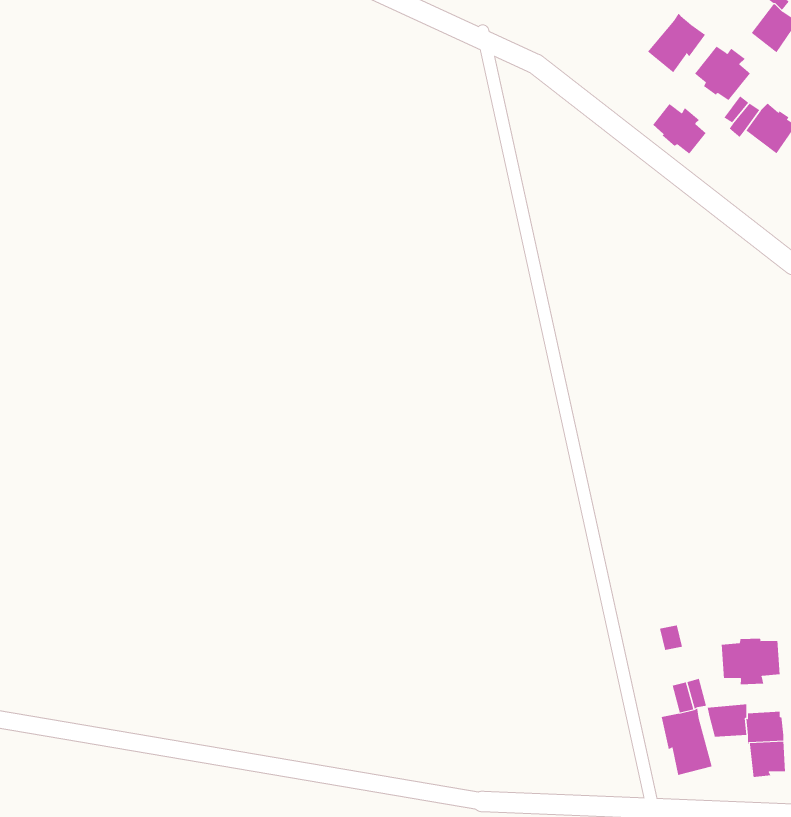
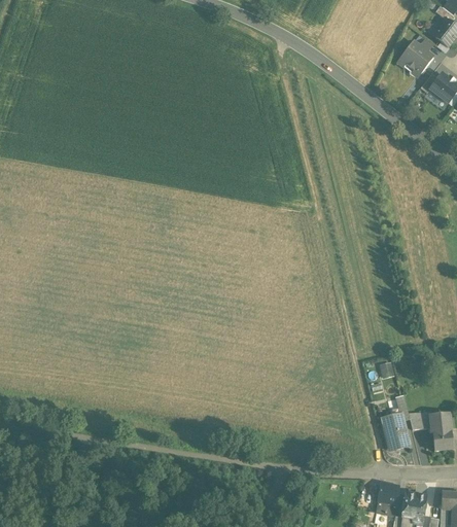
building: [647,13,706,73] -> none
building: [652,103,706,154] -> none
building: [721,638,780,685] -> none

